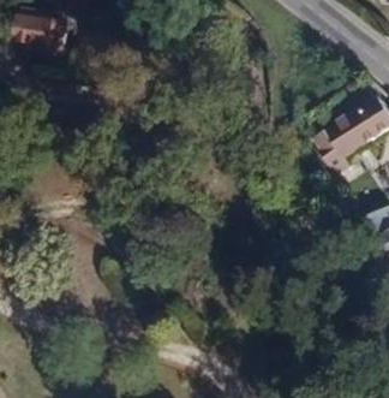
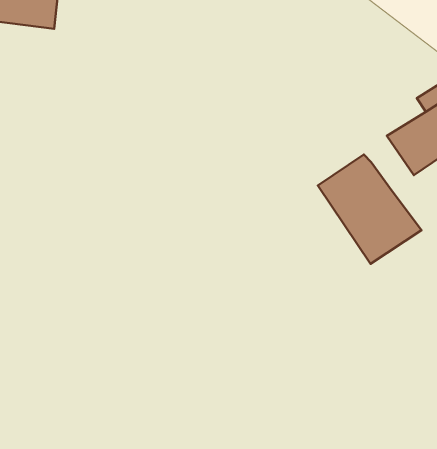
building: none -> [318,154,421,264]

